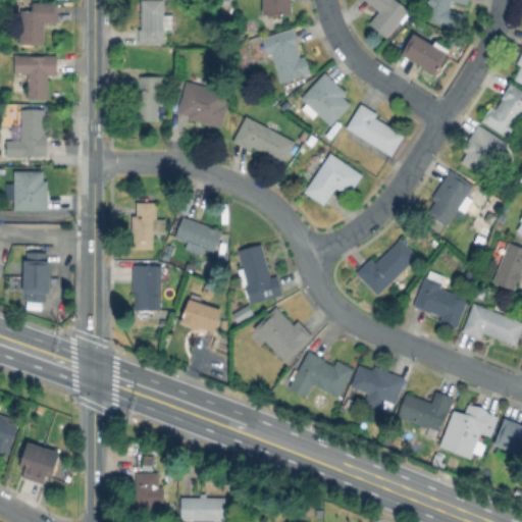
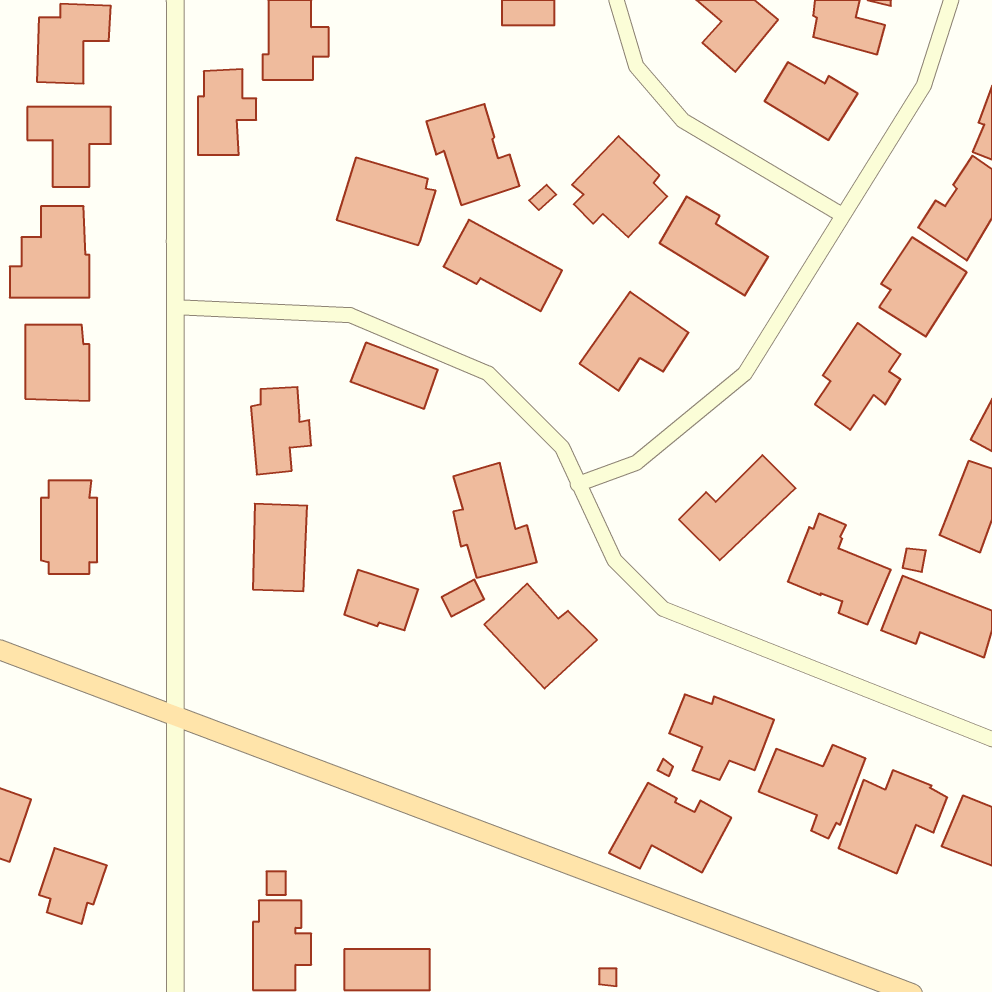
building: [262,30,311,83] -> [426,104,520,205]
building: [137,76,167,121] -> [198,69,256,155]
building: [174,217,220,252] -> [350,343,438,409]
building: [289,352,353,399] -> [609,783,731,872]

